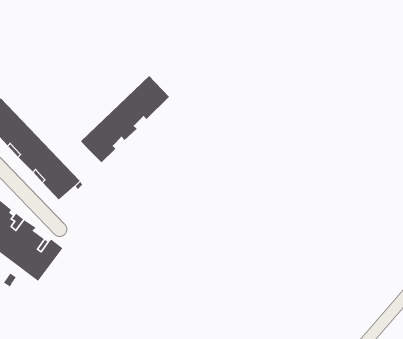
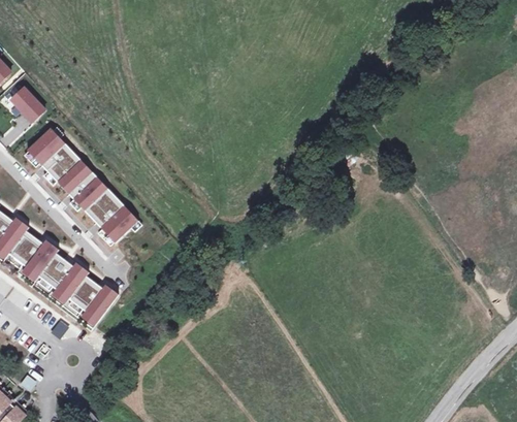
building: [80,75,170,163] -> none

